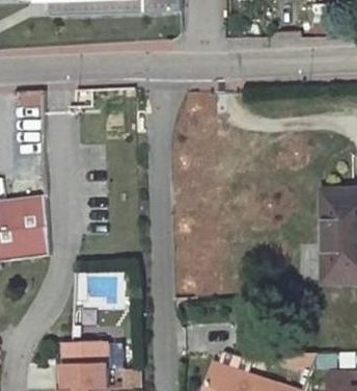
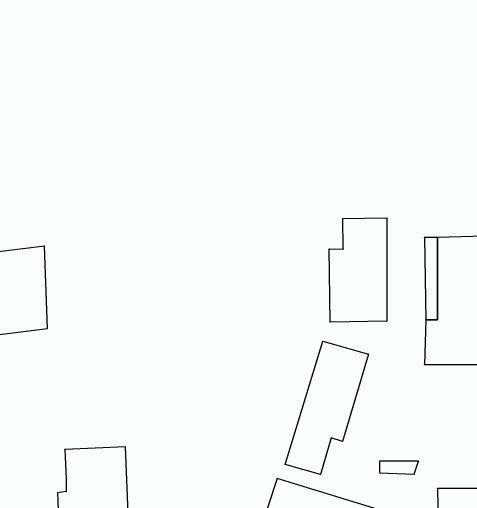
building: none -> [329,218,387,322]
building: none -> [285,341,368,474]

